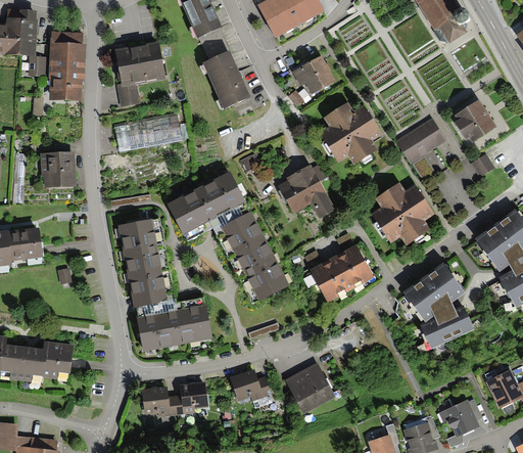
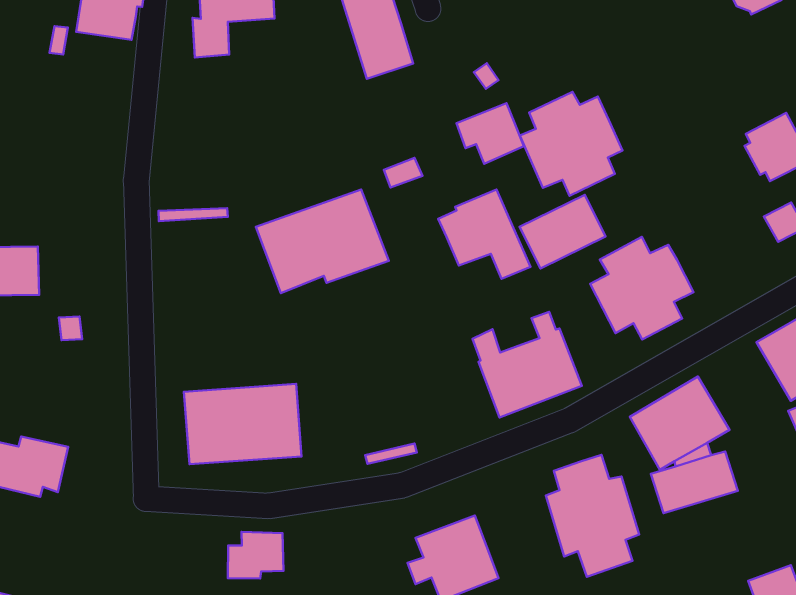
building: [292,55,334,93] -> [456,103,524,164]
building: [114,115,181,150] -> none
building: [395,117,447,164] -> [519,195,606,268]
building: [41,150,77,186] -> none
building: [215,214,289,306] -> none
building: [118,217,176,308] -> none
building: none -> [546,455,639,577]
building: [230,370,271,402] -> none
building: [142,389,176,416] -> none

